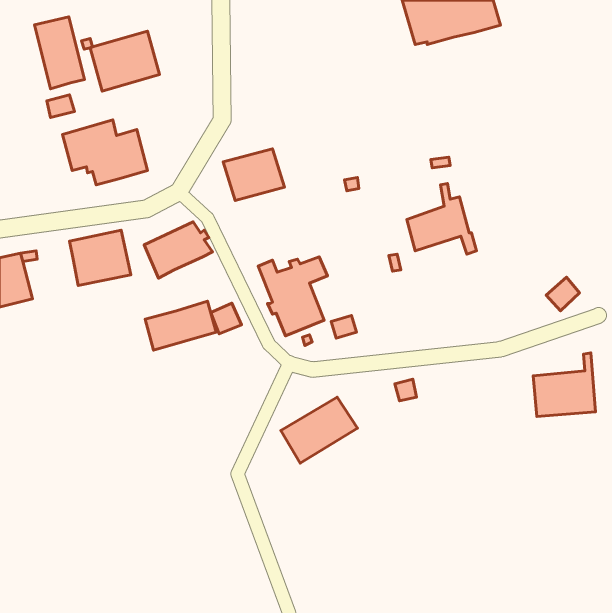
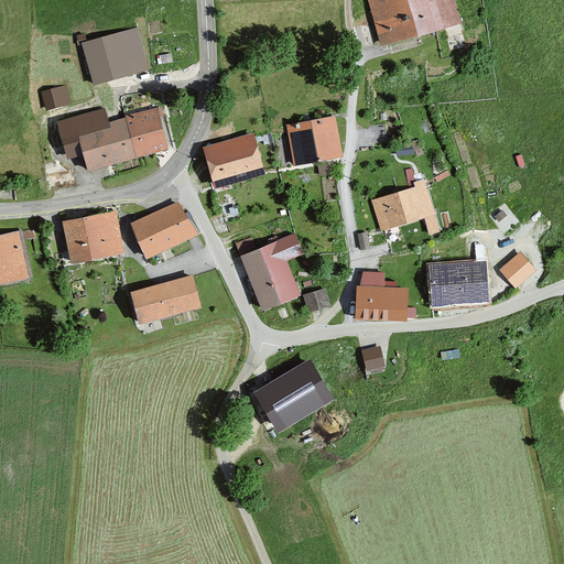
building: [34,17,84,89] -> none
building: none -> [124,108,167,156]
building: none -> [289,117,339,164]
building: none -> [356,273,414,317]
building: [211,303,241,334] -> none
building: [533,353,596,416] -> [429,246,486,304]

